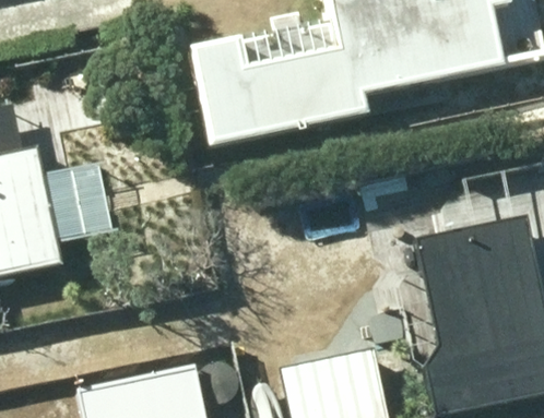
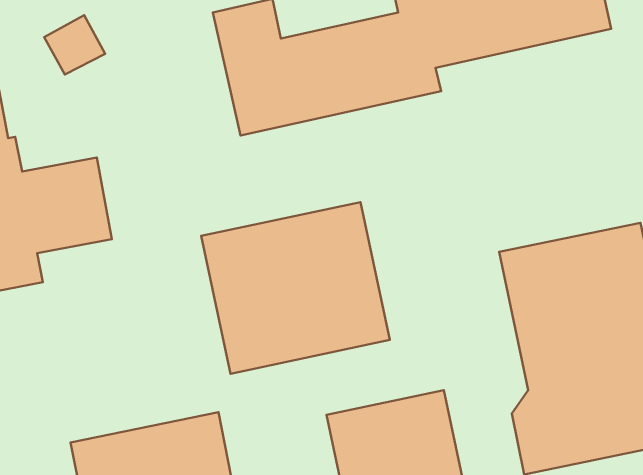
building: none -> [201,202,390,374]

